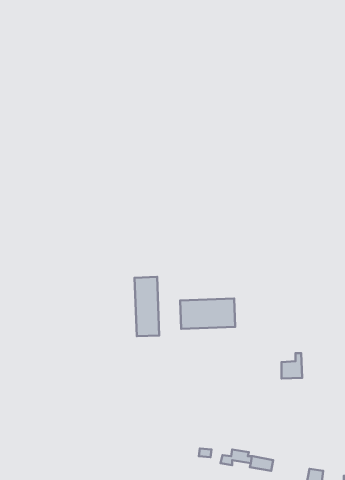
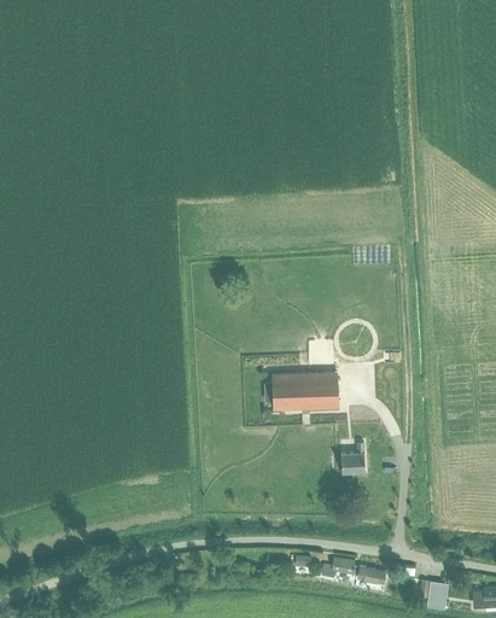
building: [135,277,159,336] -> none
building: [282,353,302,379] -> [340,443,366,474]

